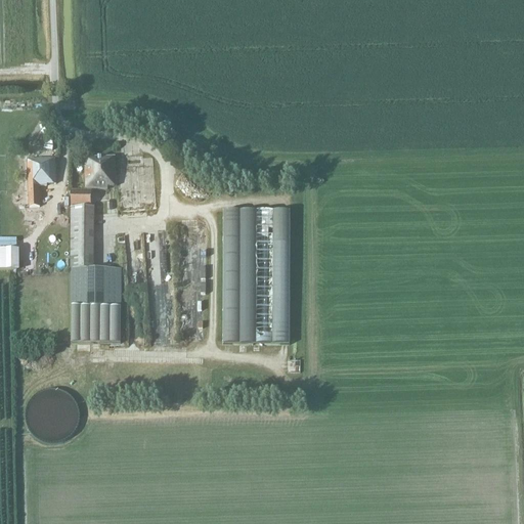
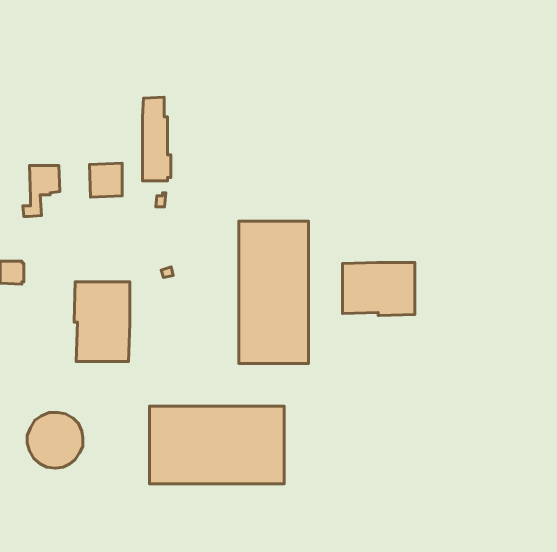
building: [71,186,97,265] -> [142,97,171,181]
building: none -> [342,263,415,316]
building: none -> [149,406,284,484]

